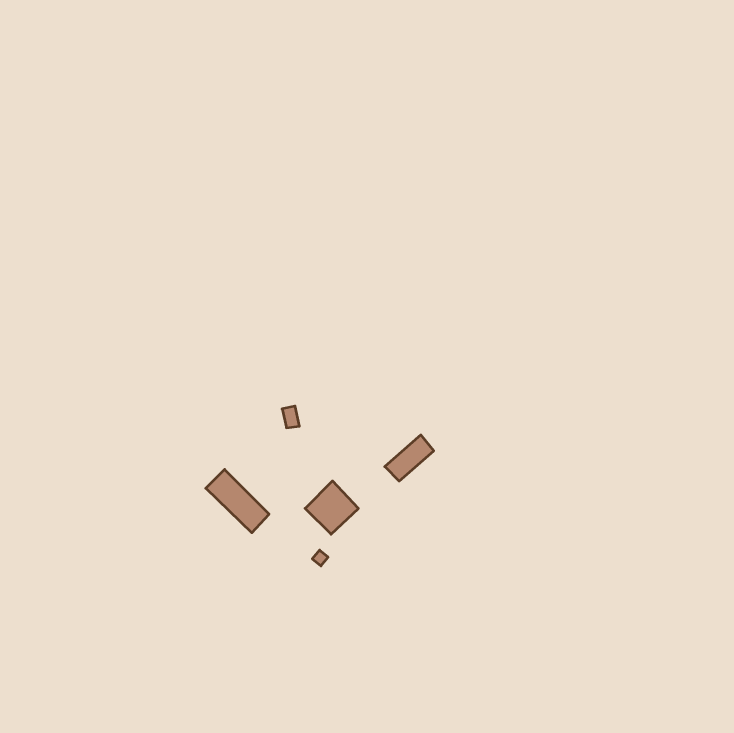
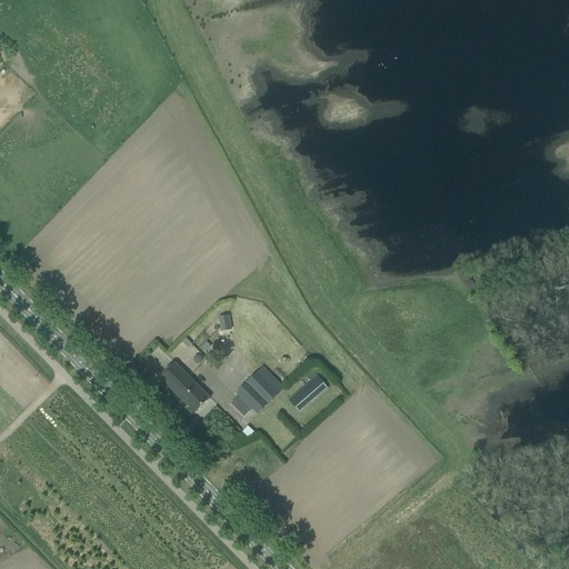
building: [385,435,434,481] -> [288,375,326,410]

